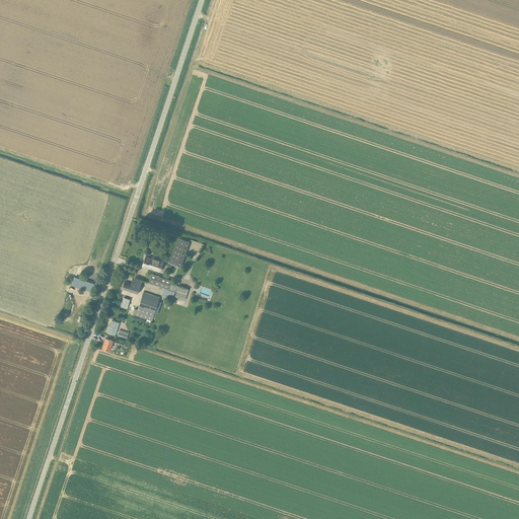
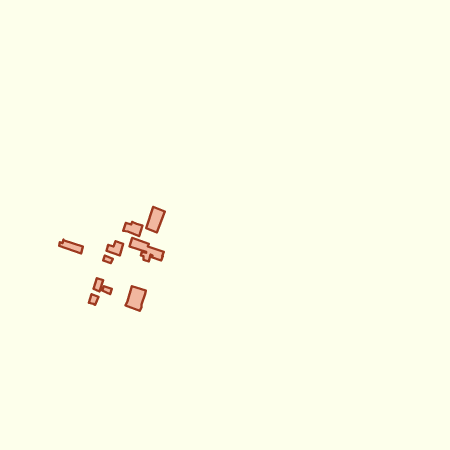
building: [136,292,159,320] -> [126,286,146,311]

